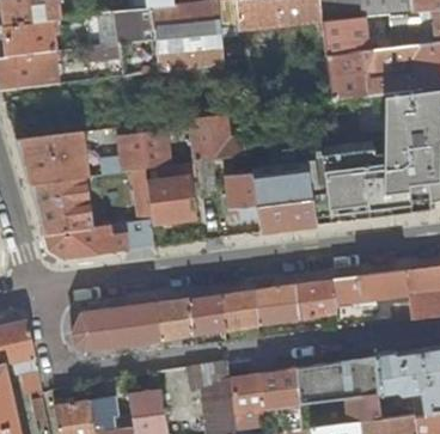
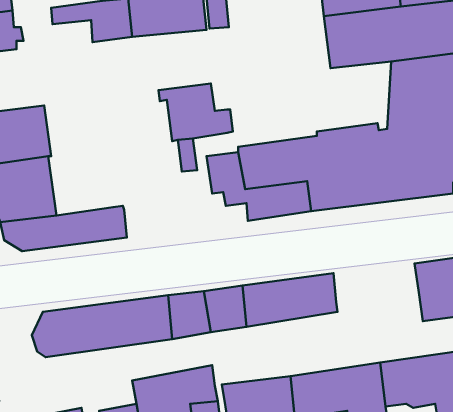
building: [93,130,171,176] -> none
building: [146,177,194,224] -> none
building: [334,270,408,304] -> none

